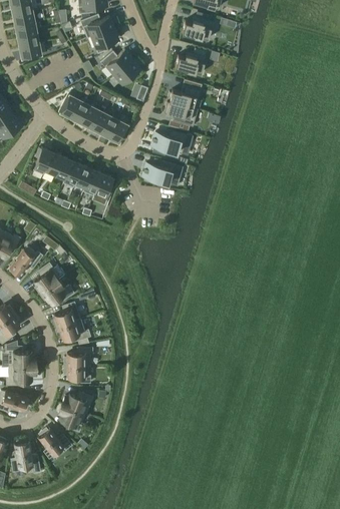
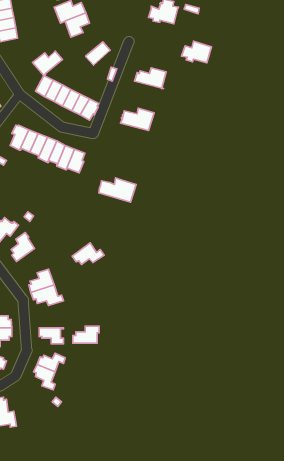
building: [100,49,132,75] -> [33,51,62,75]
building: [175,50,207,73] -> [181,41,211,63]
building: [163,100,198,126] -> none
building: [143,159,184,185] -> [99,178,136,202]
building: [40,280,74,303] -> [72,243,104,265]
building: [64,347,92,365] -> [73,326,99,343]
building: [38,427,72,458] -> none

